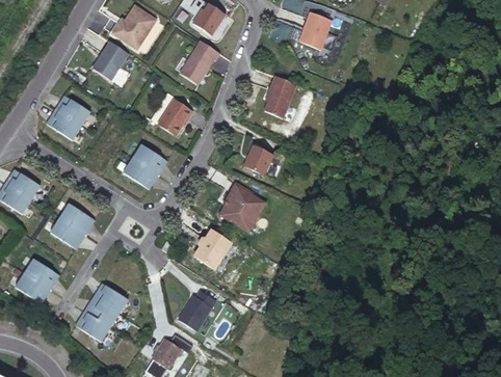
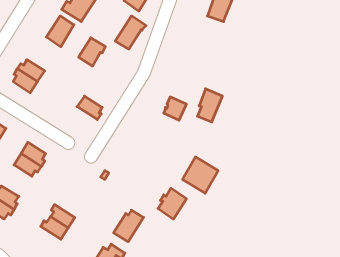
building: [264,75,296,117] -> [197,89,222,122]
building: [158,99,192,135] -> [79,38,105,66]
building: [124,157,158,186] -> none
building: [218,184,264,231] -> [183,157,218,193]
building: [195,228,232,268] -> [158,188,186,219]
building: [79,311,111,341] -> none

